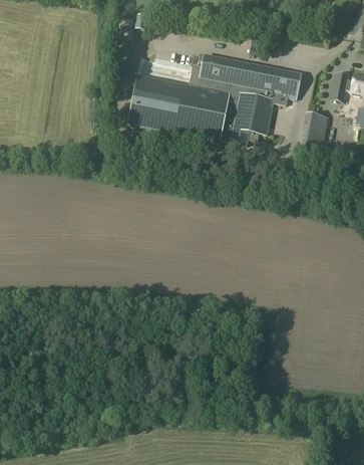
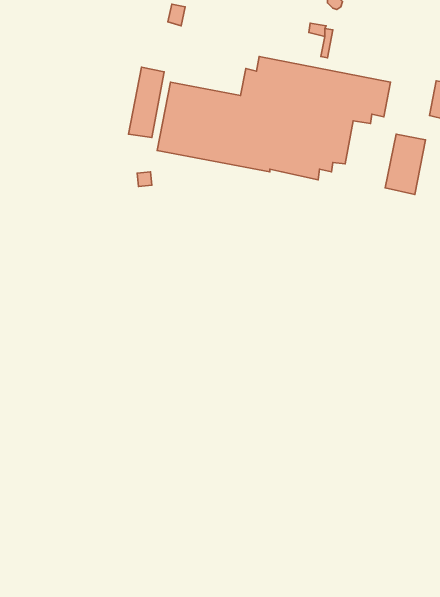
building: none -> [129,67,164,137]

